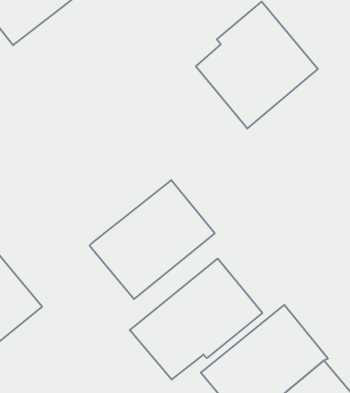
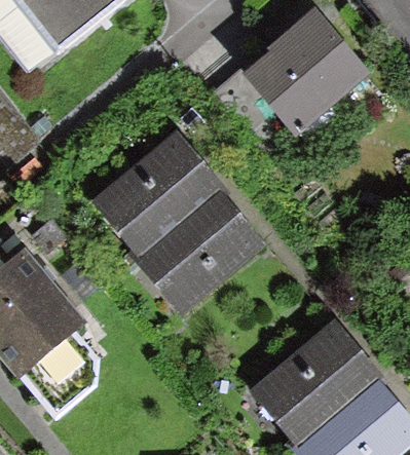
building: none -> [94,130,222,255]
building: [130,259,262,380] -> none

